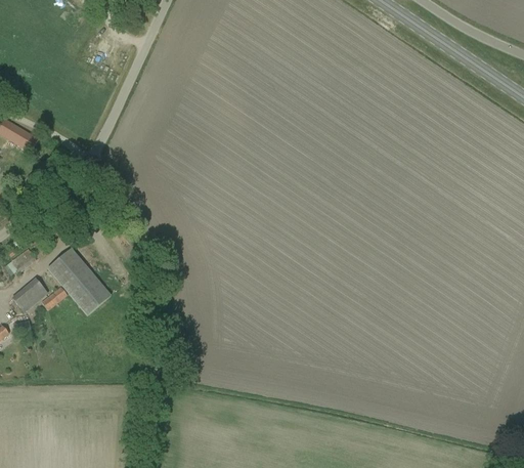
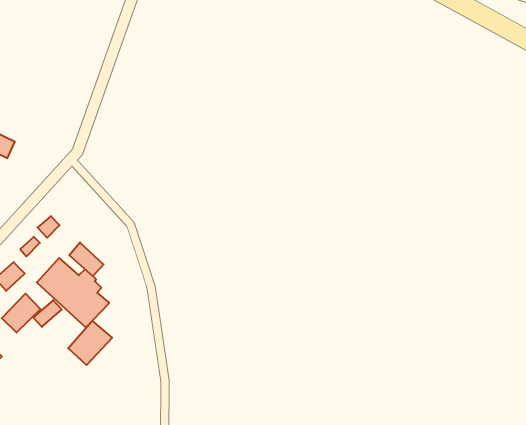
building: none -> [69,242,104,276]
building: none -> [68,321,112,365]

